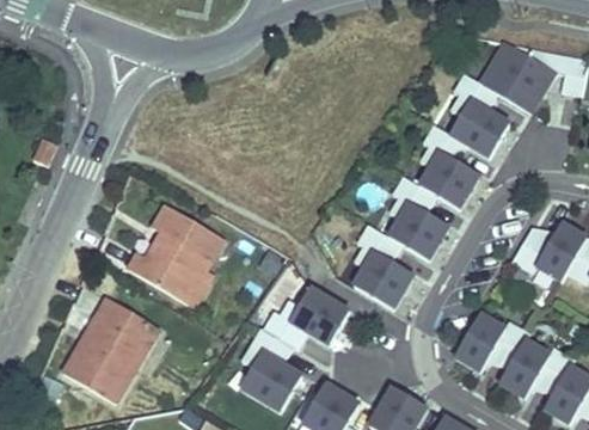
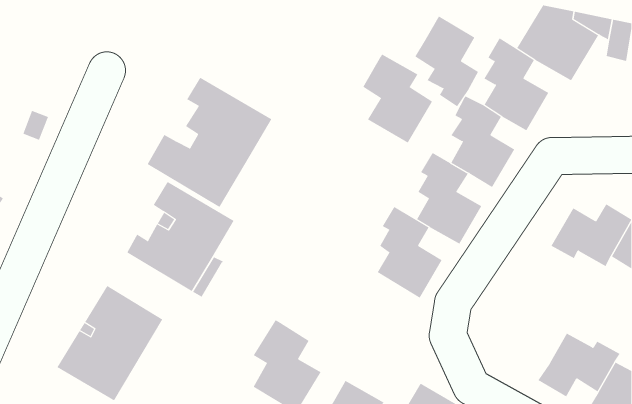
building: none -> [414,15,479,107]
building: none -> [363,54,433,144]
building: none -> [147,77,272,208]
building: [263,288,349,350] -> none
building: [454,313,529,373] -> none

